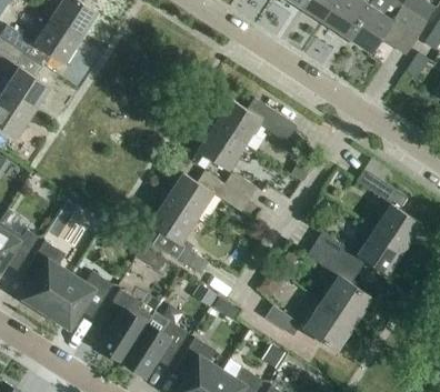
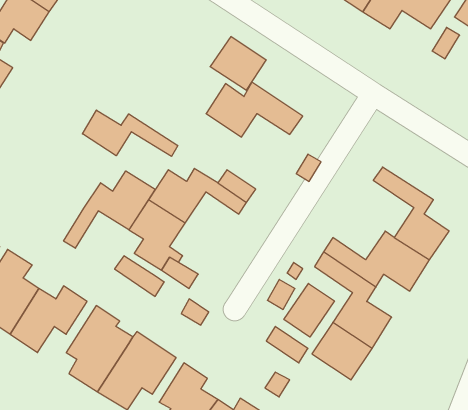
building: none -> [82,110,178,156]
building: [197,125,244,171] -> [210,37,266,90]
building: none -> [64,171,155,248]
building: none -> [284,283,334,337]

